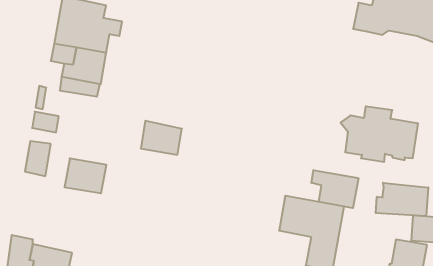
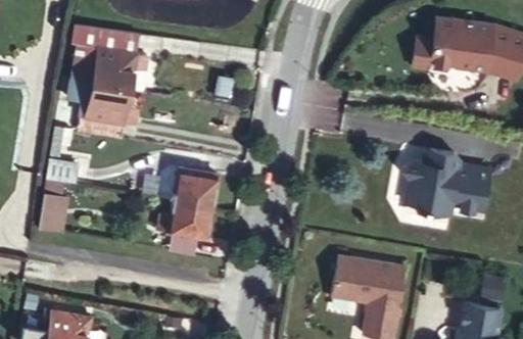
building: [64,158,106,193] -> [167,200,215,240]
building: [311,170,359,208] -> none
building: [376,183,428,216] -> none

